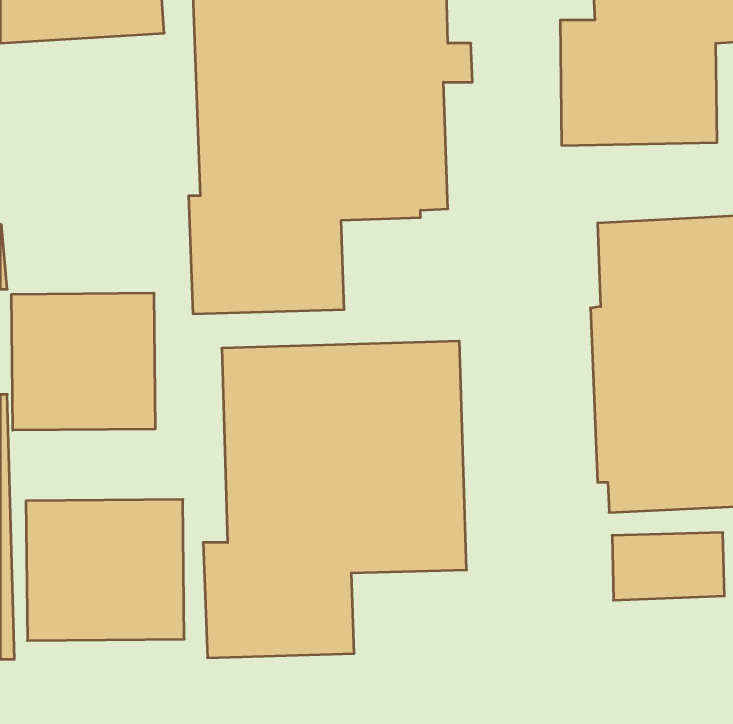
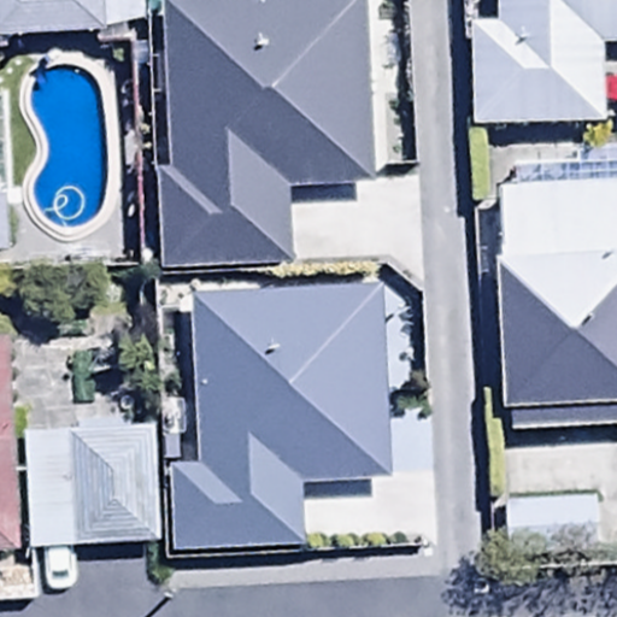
building: [12,293,155,430] -> none

